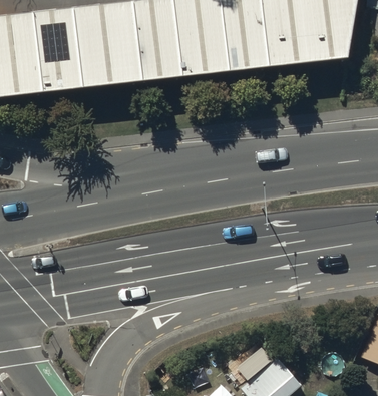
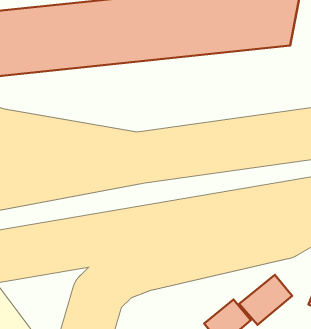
building: none -> [239,275,292,325]

